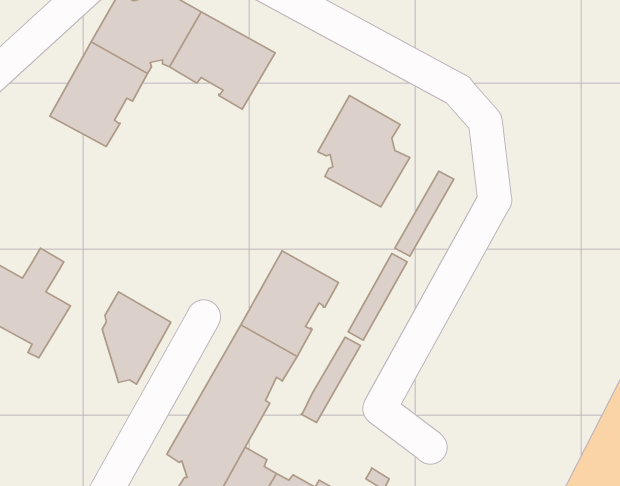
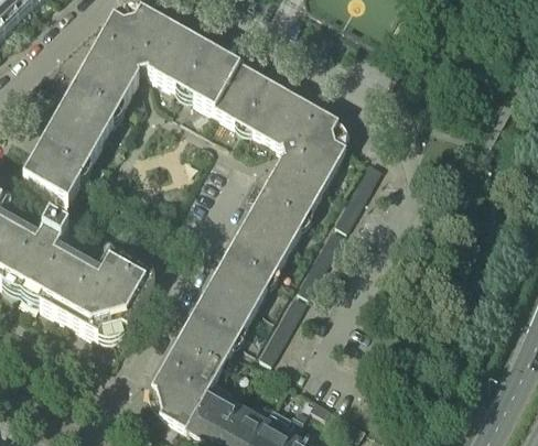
building: none -> [213,59,299,139]
building: none -> [24,110,104,196]
building: none -> [245,159,324,243]
building: none -> [50,262,114,333]

